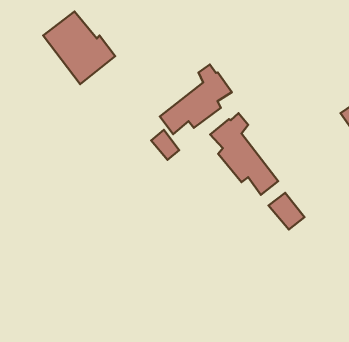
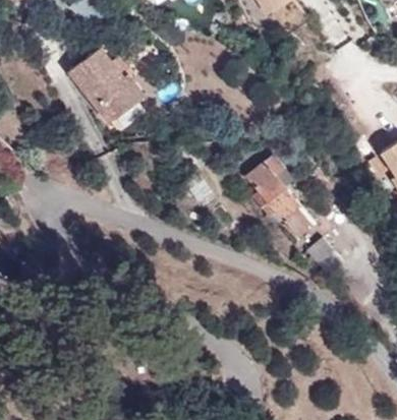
building: [160,64,232,134] -> none

